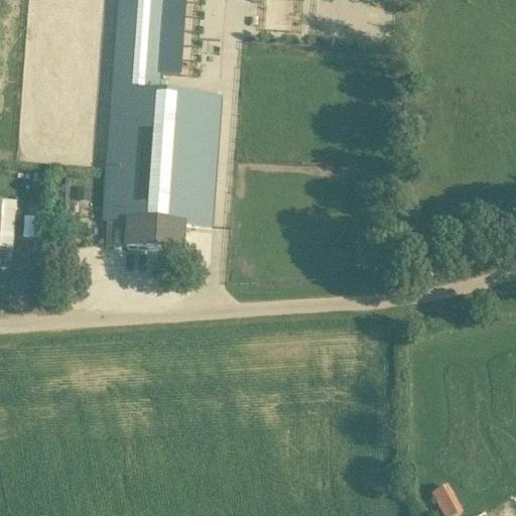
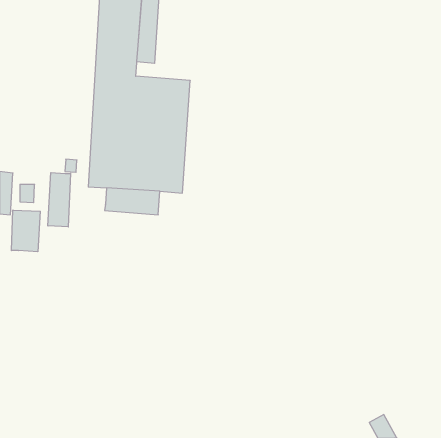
building: none -> [48,173,71,227]
building: none -> [11,210,40,252]

